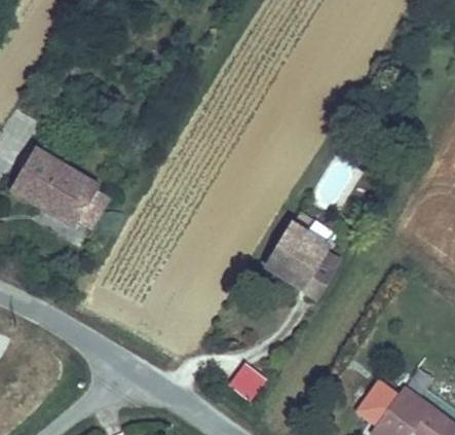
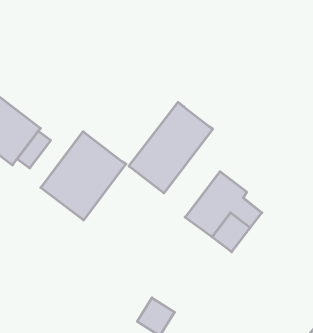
building: none -> [129,102,213,193]
building: none -> [41,132,126,220]

